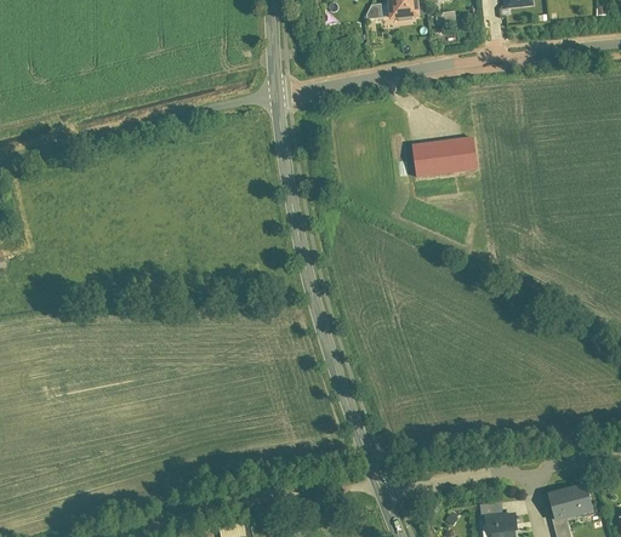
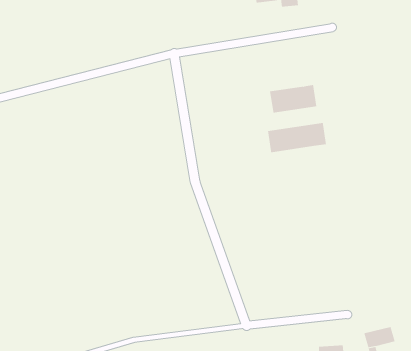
building: none -> [268,122,326,153]

